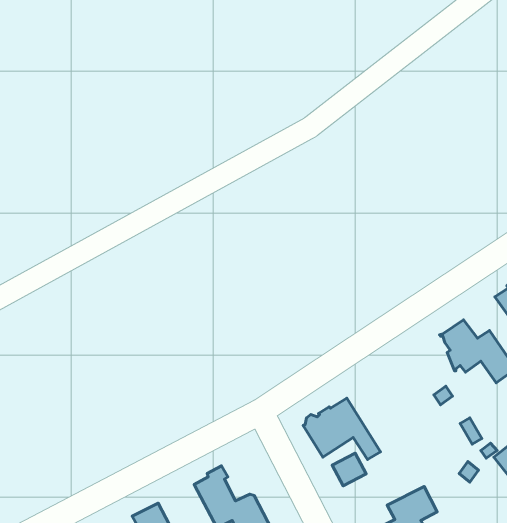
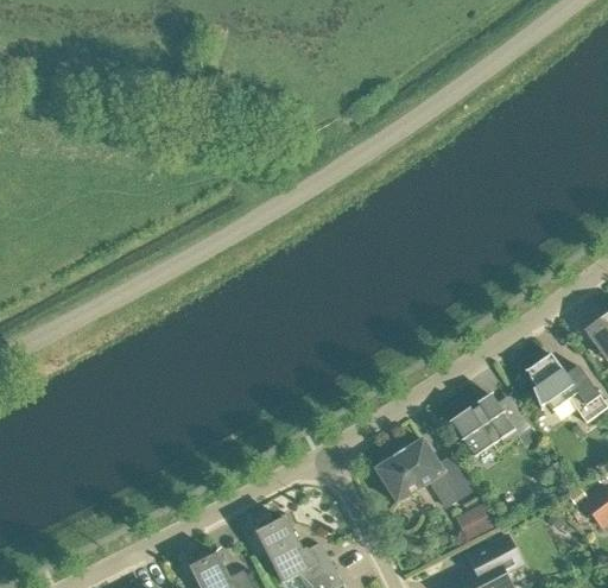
building: none -> [452,393,514,455]
building: [332,453,366,486] -> [456,502,493,538]

